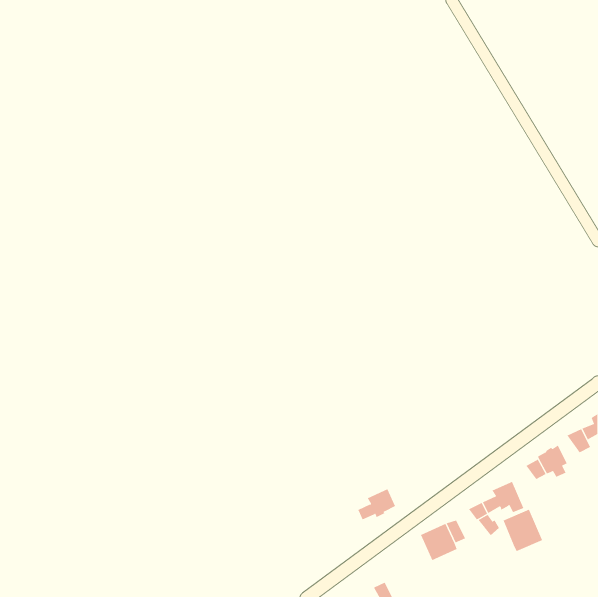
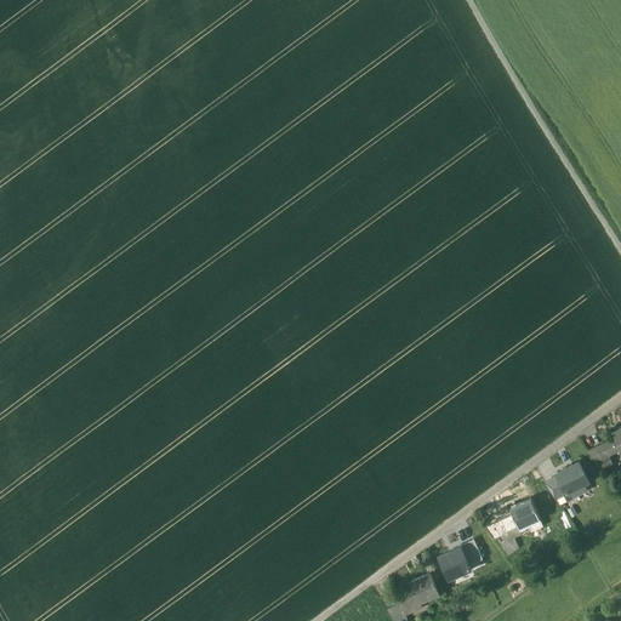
building: [357,489,396,520] -> [399,574,439,606]
building: [503,509,543,552] -> none

